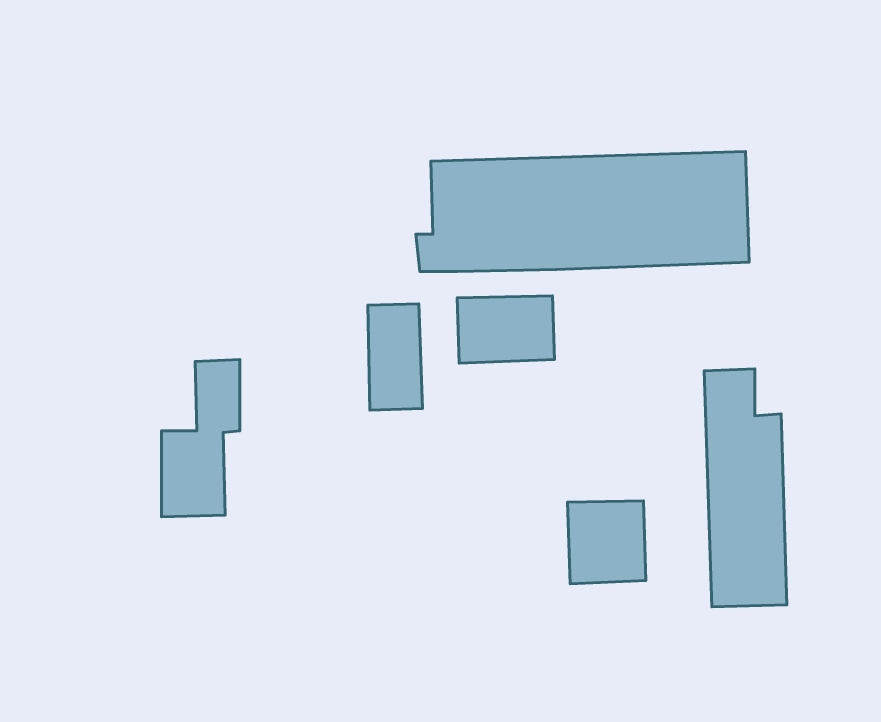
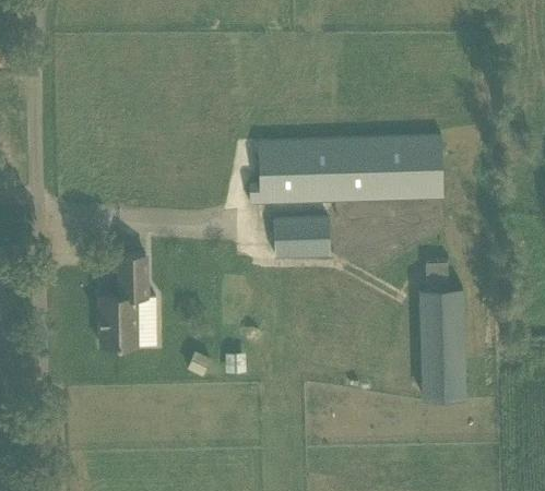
building: [368,304,423,410] -> none
building: [567,501,646,584] -> none

